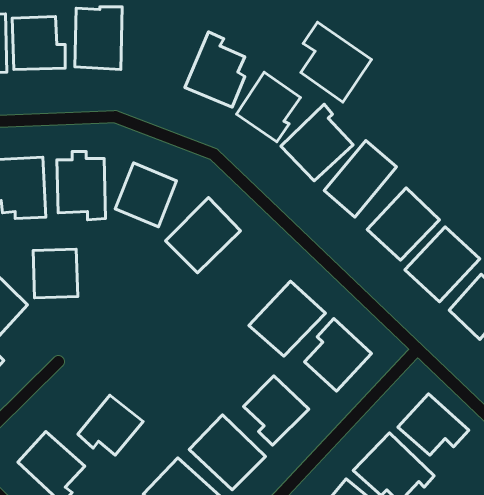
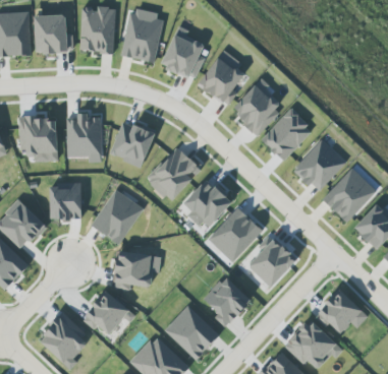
building: none -> [121,9,164,63]
building: [301,22,372,102] -> none
building: none -> [179,181,231,232]
building: none -> [91,189,143,244]
building: none -> [114,252,157,289]

